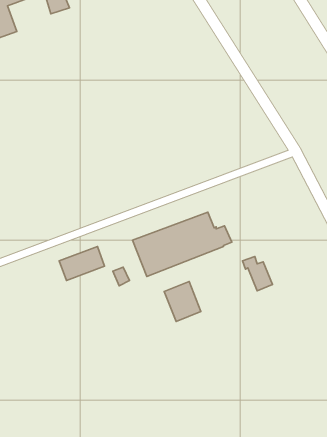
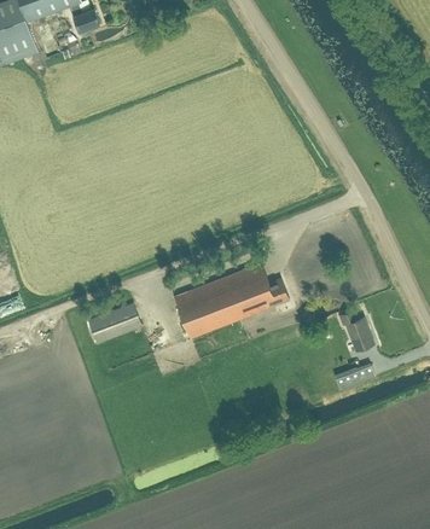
building: [243,257,273,291] -> [338,312,373,351]
building: [164,282,201,322] -> none

